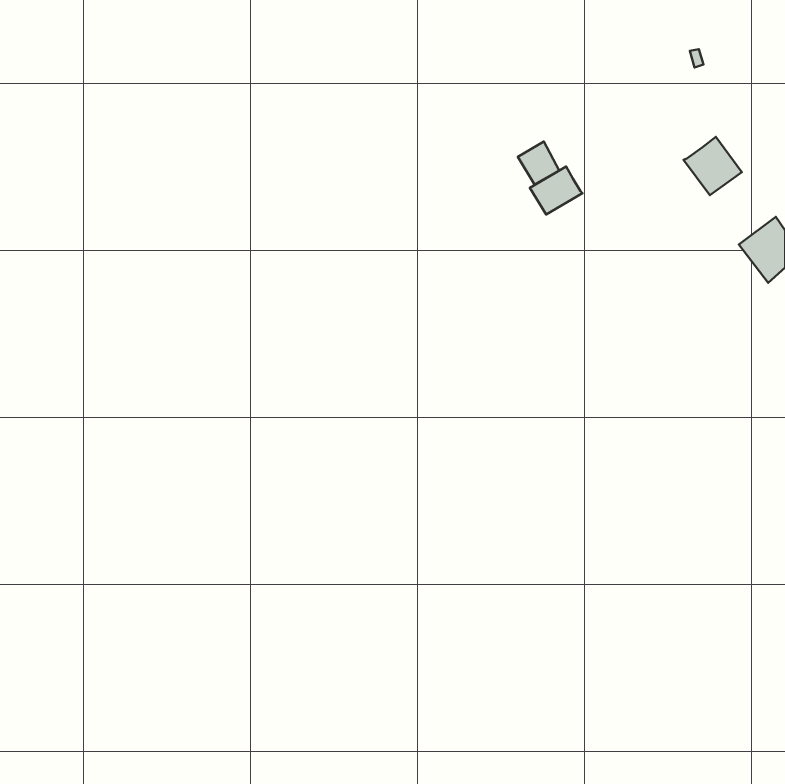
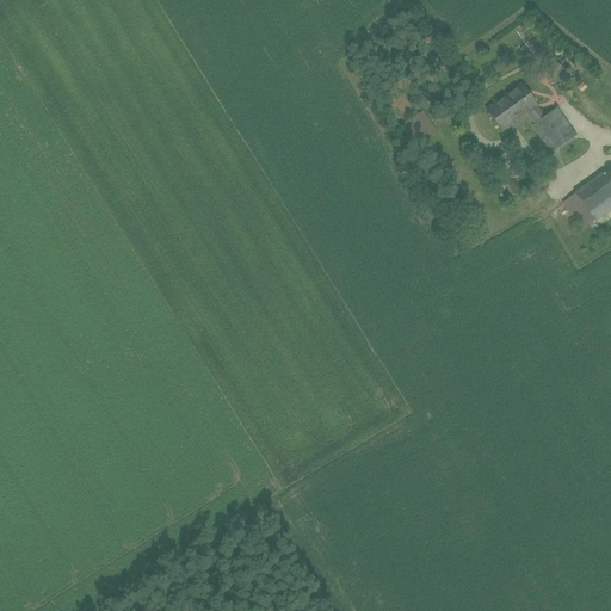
building: none -> [485,81,545,131]
building: [530,167,582,214] -> none

